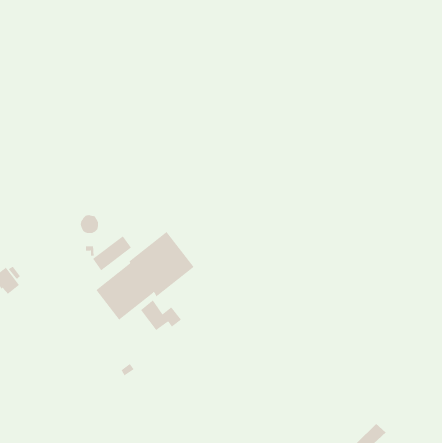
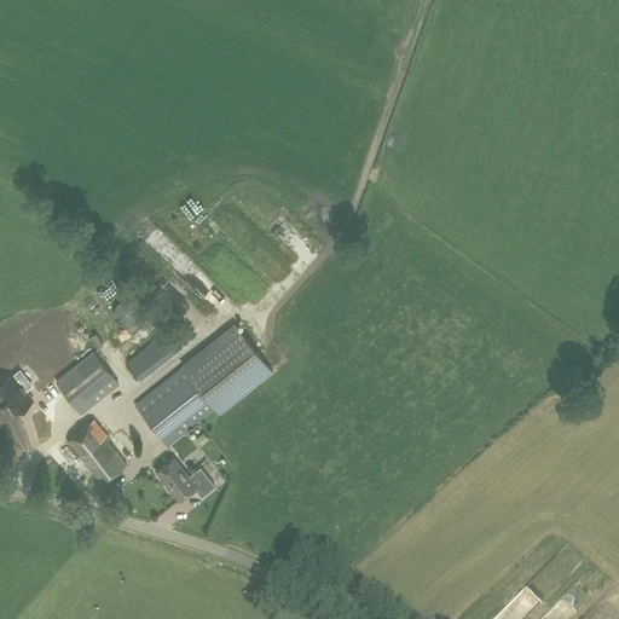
building: none -> [54,353,116,413]
building: [140,300,182,331] -> [155,458,213,502]
building: none -> [65,418,129,486]

